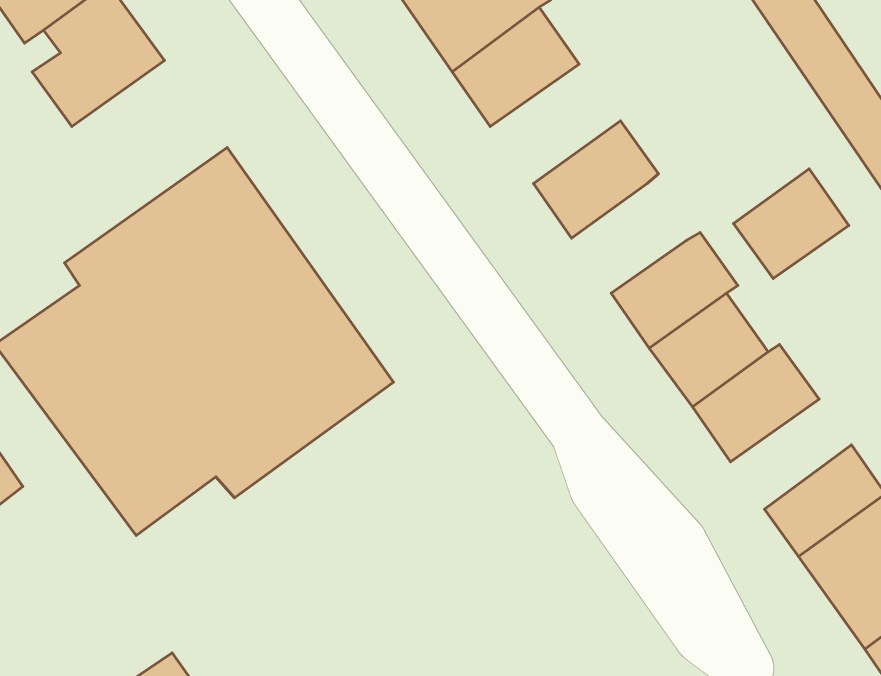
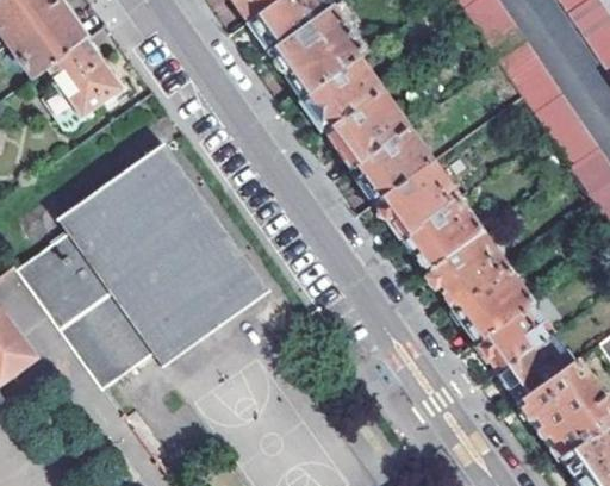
building: none -> [328,91,410,166]
building: [733,169,849,278] -> [379,166,452,235]
building: none -> [479,301,555,370]

